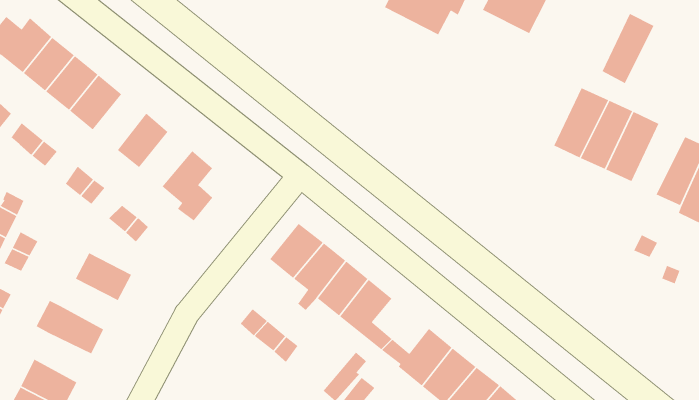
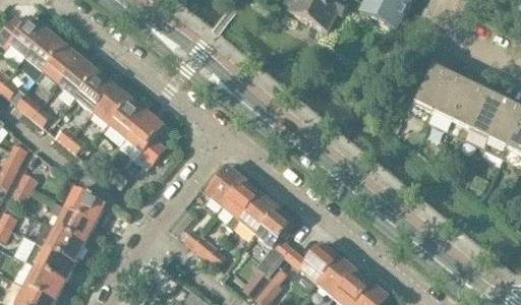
building: [601,13,655,84] -> [468,94,507,145]
building: none -> [76,72,115,113]
building: none -> [110,100,149,139]
building: none -> [48,201,95,243]
building: none -> [34,246,75,282]

